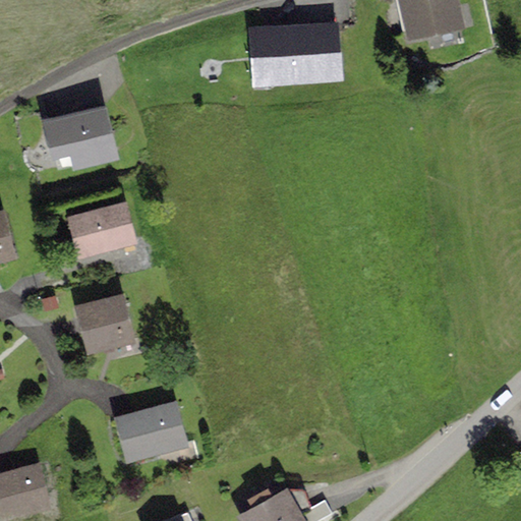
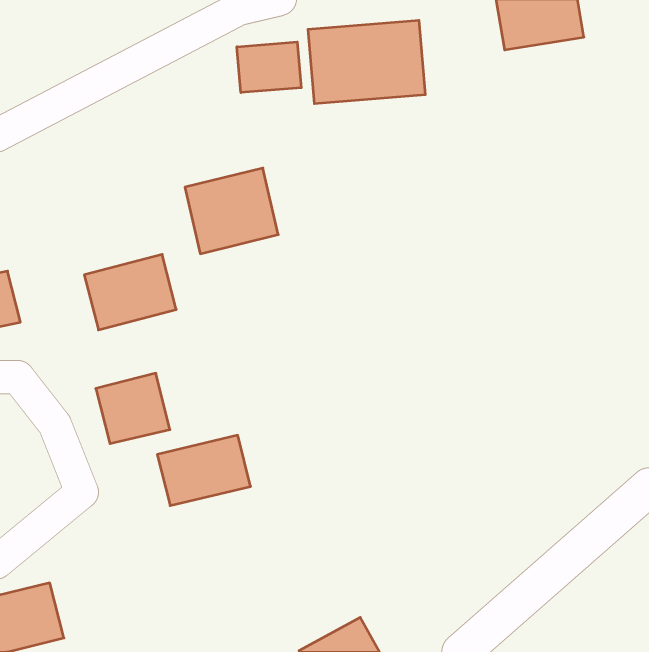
building: none -> [237,42,301,93]
building: [47,106,121,174] -> [185,168,278,254]
building: [111,403,185,459] -> [157,435,251,506]

